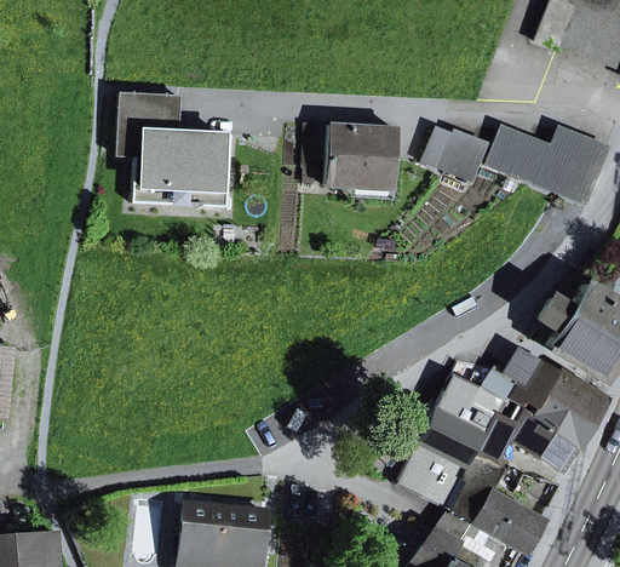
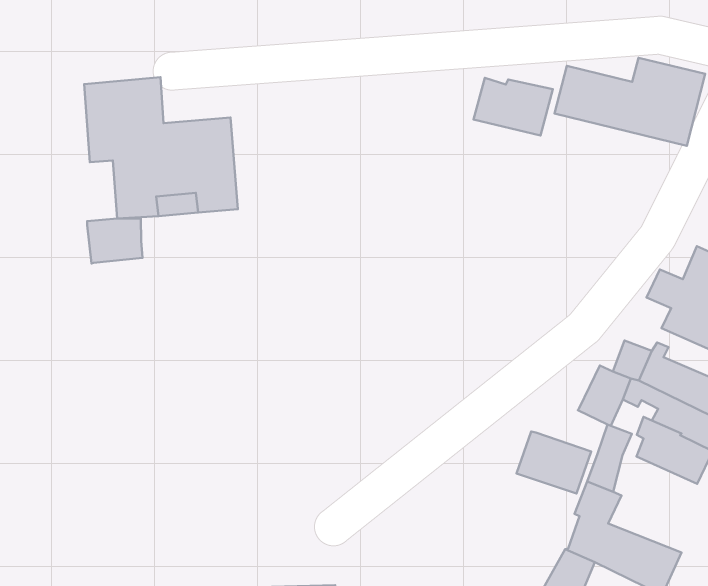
building: [326,124,398,185] -> none
building: none -> [87,218,143,264]
building: [440,386,496,435] -> none

